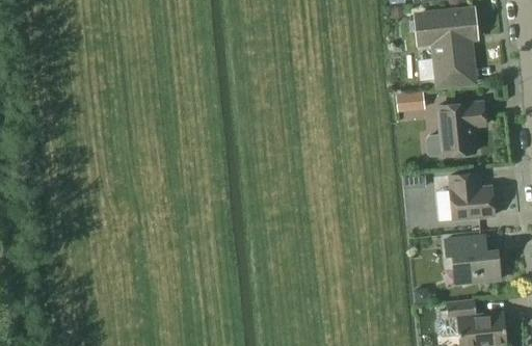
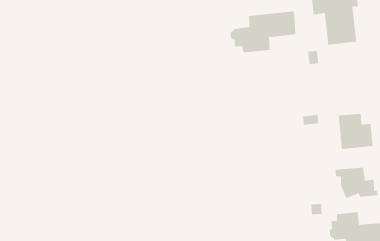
building: none -> [230,10,296,53]
building: [429,102,486,155] -> none

